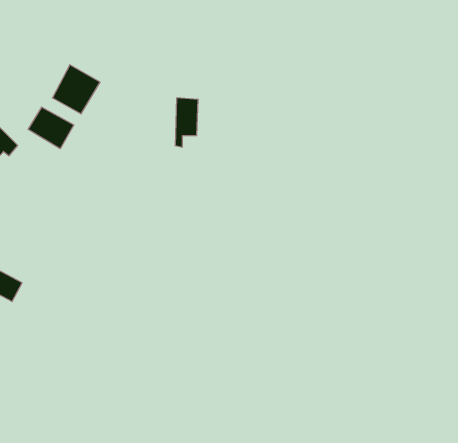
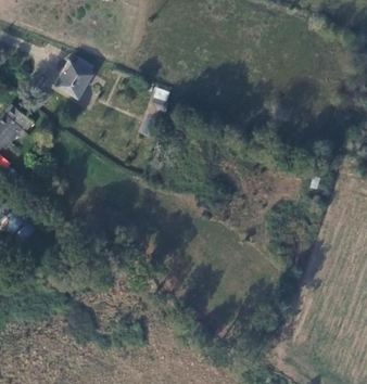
building: [28,107,74,149] -> none

